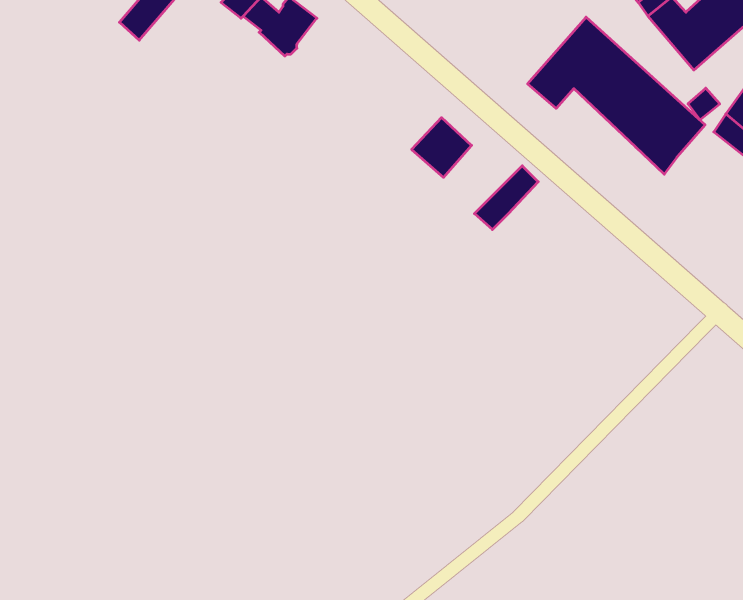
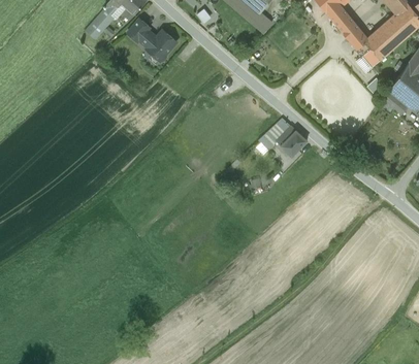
building: [528,17,705,174] -> none
building: [412,118,472,177] -> [276,126,307,157]

